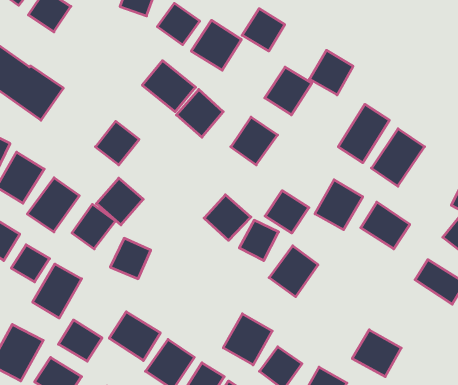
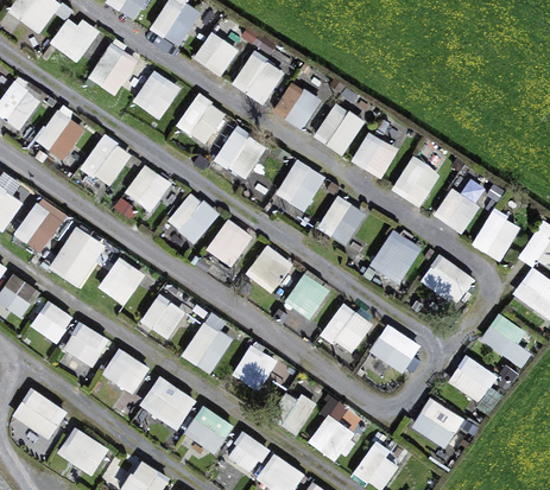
building: [242,9,285,51] -> [272,82,320,129]
building: none -> [87,43,138,96]
building: none -> [132,71,181,121]
building: [309,50,353,95] -> [349,131,398,180]
building: none -> [80,134,133,189]
building: none -> [470,209,521,262]
building: none -> [206,218,255,269]
building: [96,178,143,225] -> [166,192,219,244]
building: [265,191,309,233] -> [320,195,368,242]
building: none -> [181,320,234,376]
building: none -> [368,324,421,375]
building: none -> [235,348,274,389]
building: none -> [447,355,497,403]
building: [58,320,102,361] -> [101,349,150,395]

